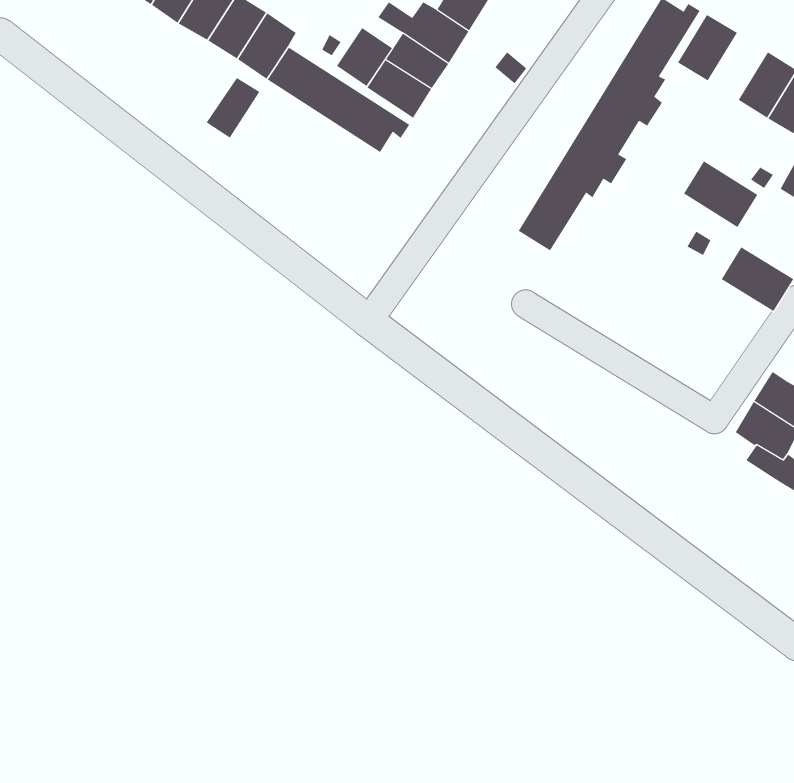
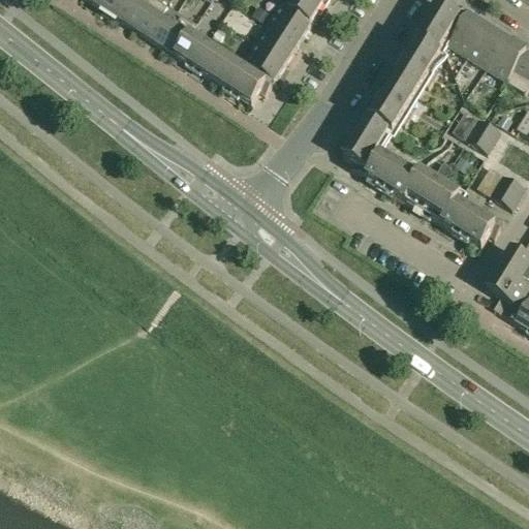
building: [336,27,393,87] -> none
building: none -> [471,22,510,66]
building: [206,77,260,139] -> none
building: none -> [368,151,506,246]

